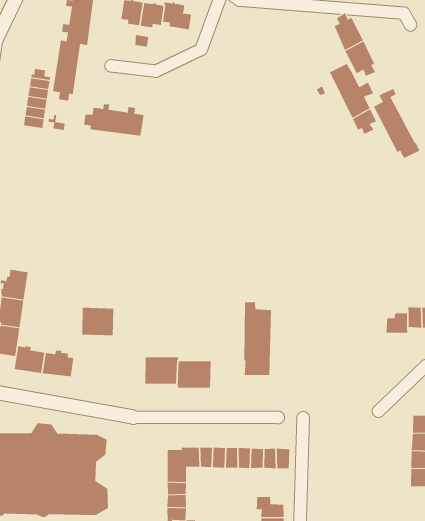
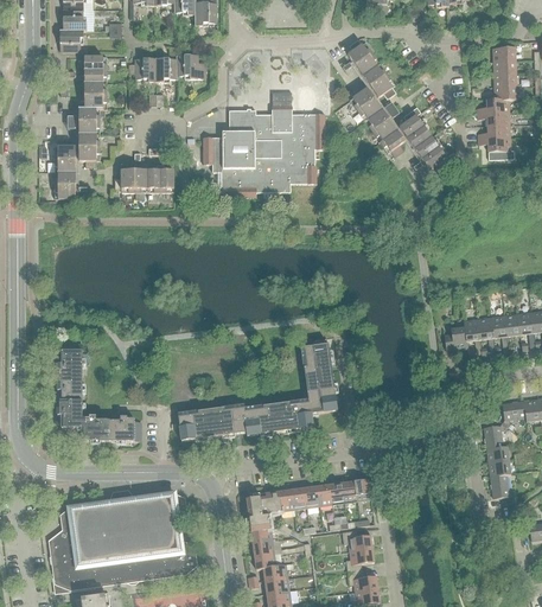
building: none -> [203,100,325,197]
building: [81,307,114,336] -> [178,409,213,440]
building: none -> [276,398,313,430]

